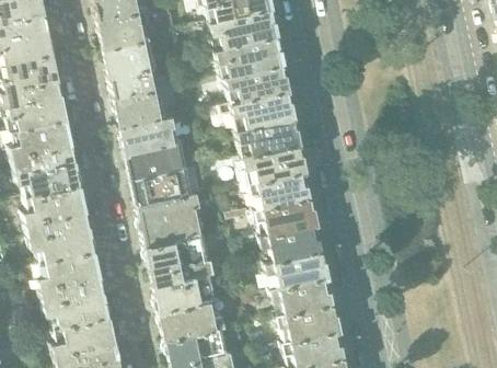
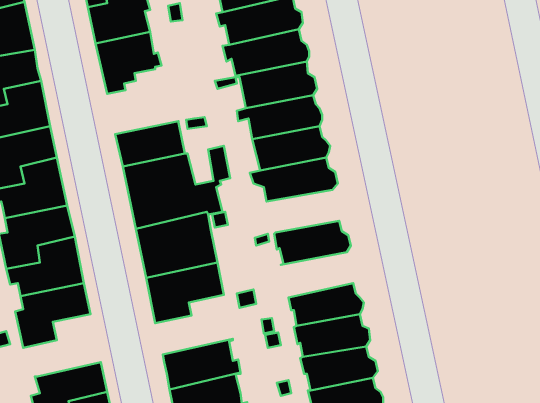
building: [113,69,162,124] -> none
building: [247,171,312,207] -> none
building: [259,223,324,262] -> none
building: [153,260,219,310] -> none
building: [42,276,107,329] -> none

